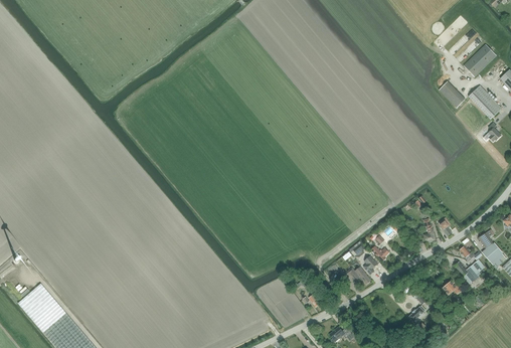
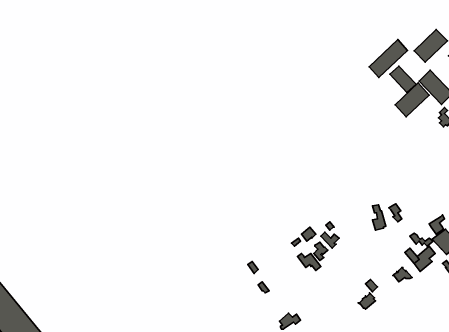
building: none -> [369,40,407,78]
building: none -> [395,83,429,117]

